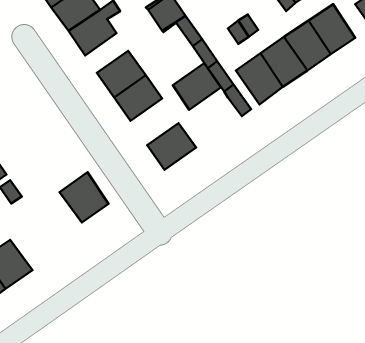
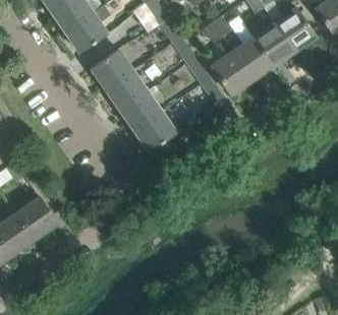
building: [173,63,221,110] -> [119,90,161,131]
building: [59,172,109,222] -> [14,196,57,240]

